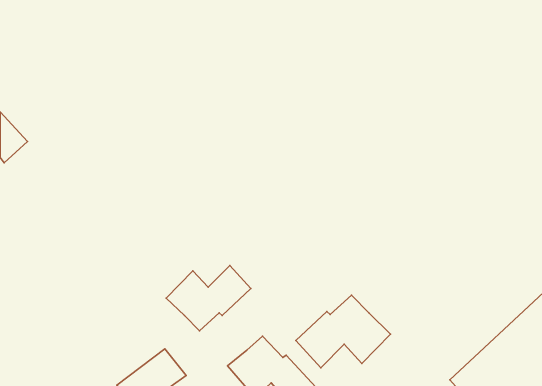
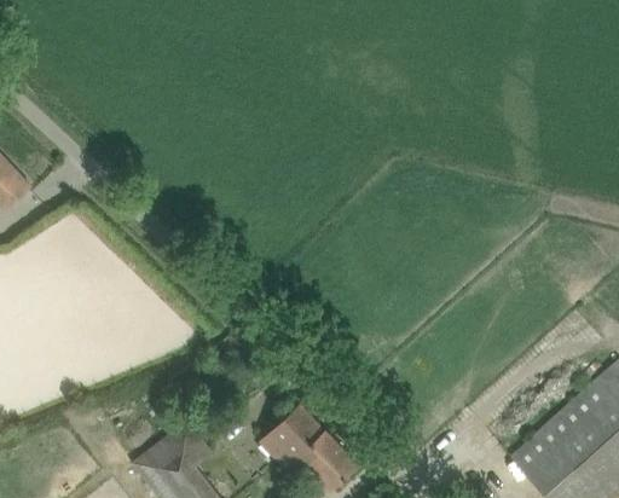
building: [166,265,251,331] -> none
building: [296,295,391,368] -> none

